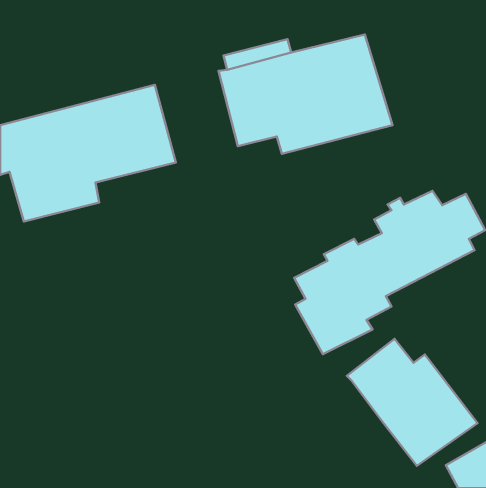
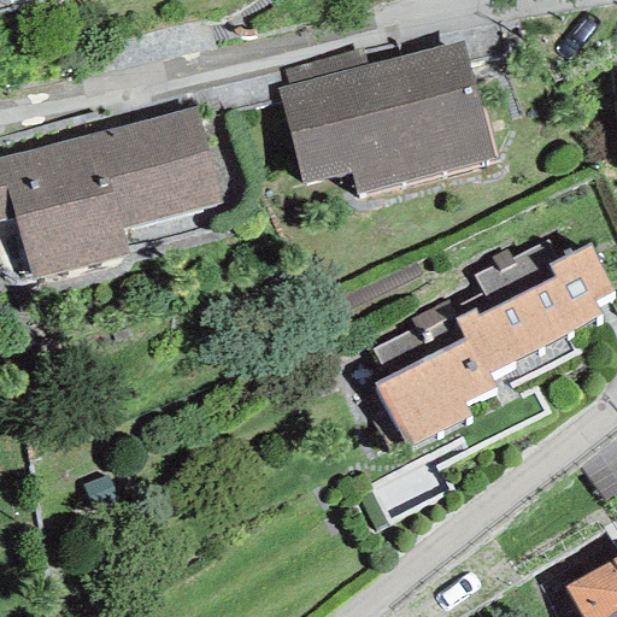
building: [347,339,477,466] -> none

